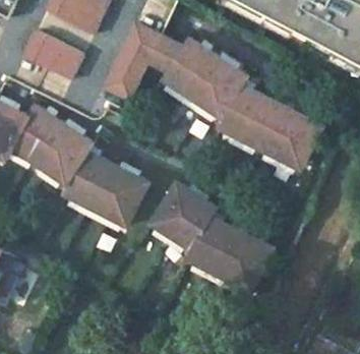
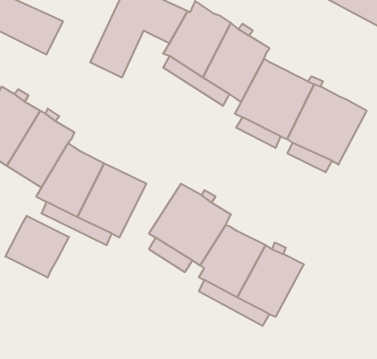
building: none -> [5,216,69,278]

